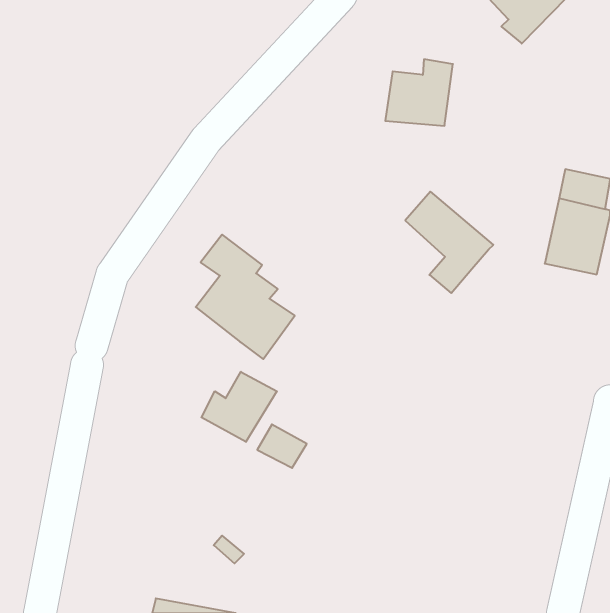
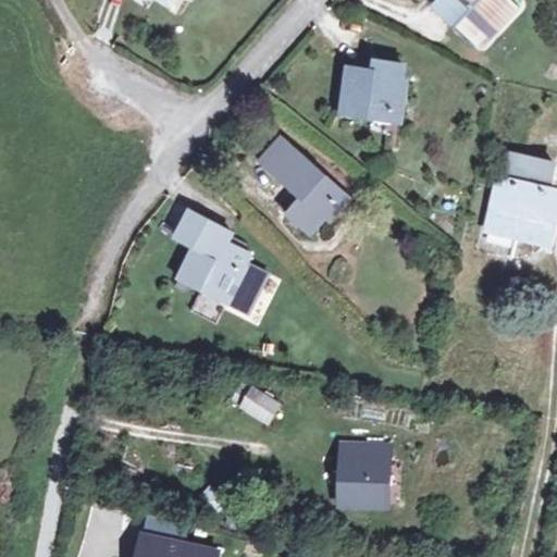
building: [405,192,493,293] -> [258,139,337,231]
building: [201,372,277,442] -> none
building: none -> [339,442,394,508]

